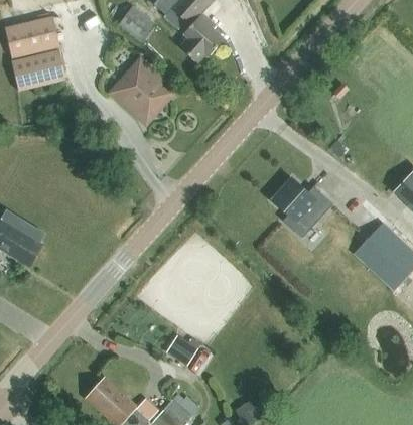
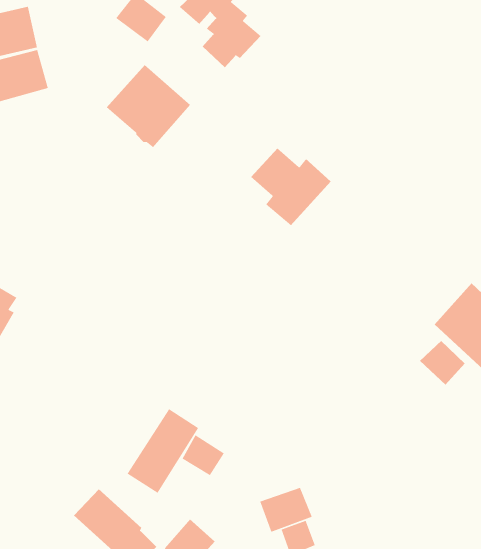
building: [272,178,332,237] -> [250,147,332,226]
building: none -> [419,340,466,385]
building: none -> [127,408,199,494]
building: none -> [259,487,313,533]

